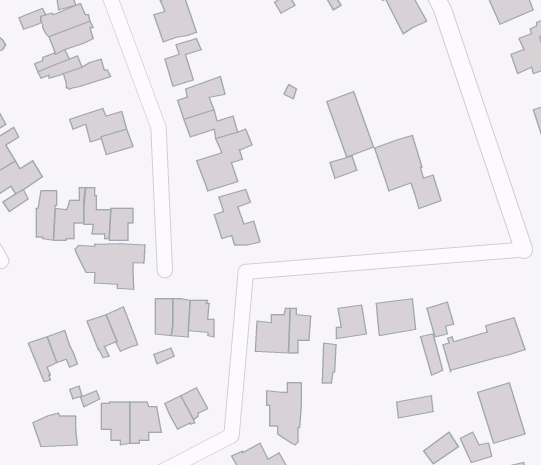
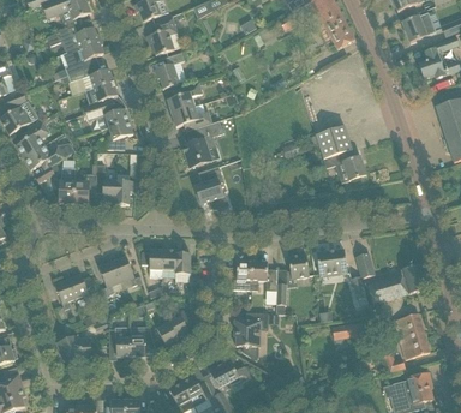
building: none -> [82,80,116,113]
building: [327,91,374,157] -> none
building: [75,243,145,290] -> none

